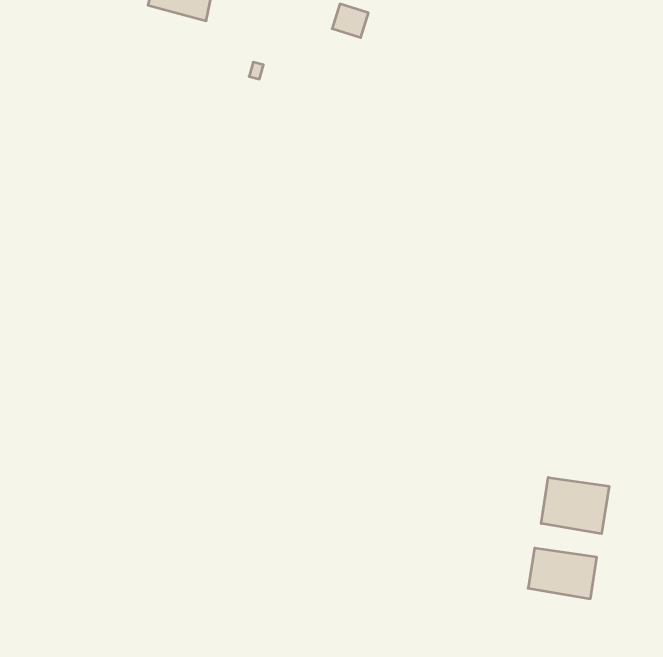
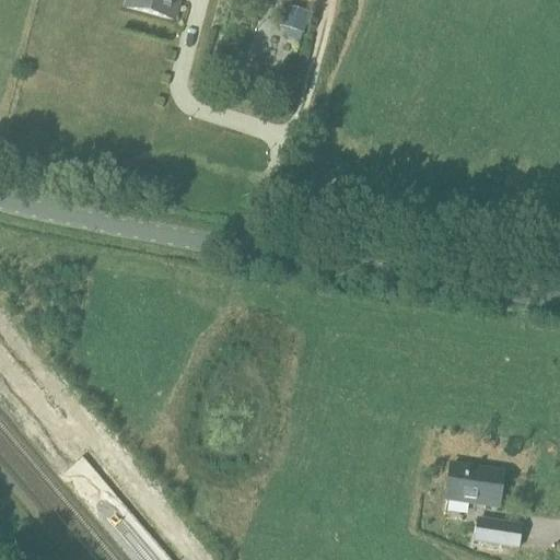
building: [541,477,609,534] -> none
building: none -> [482,517,522,547]

